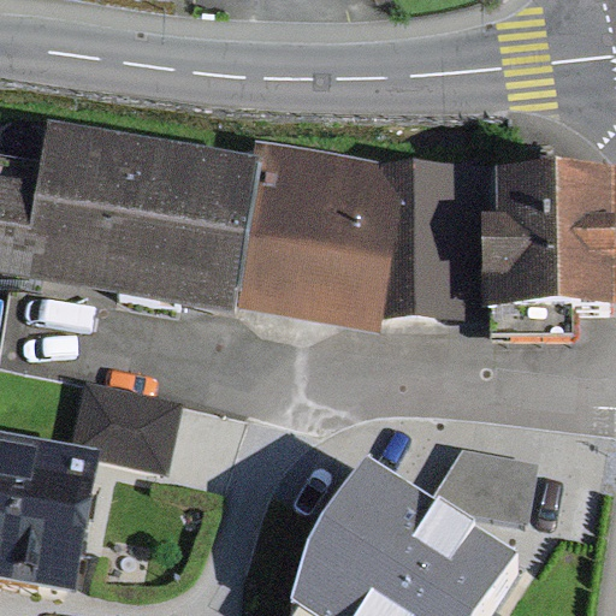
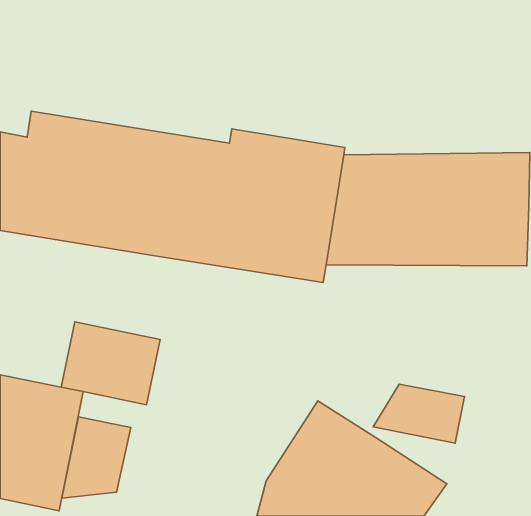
building: none -> [62,417,131,498]

